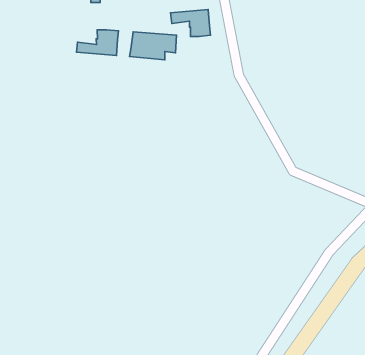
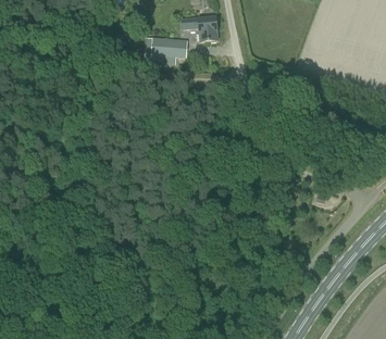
building: [77,30,119,56] -> none

